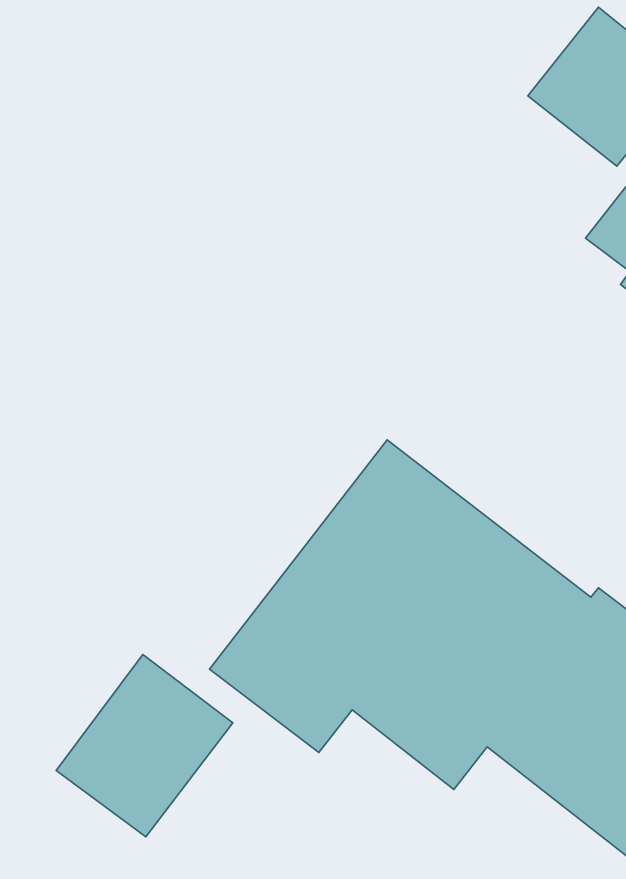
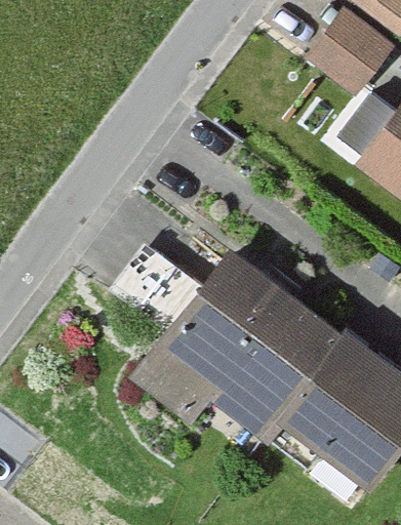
building: [56,654,233,837] -> none

